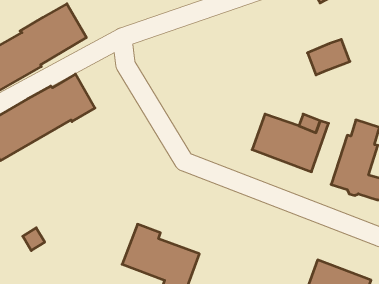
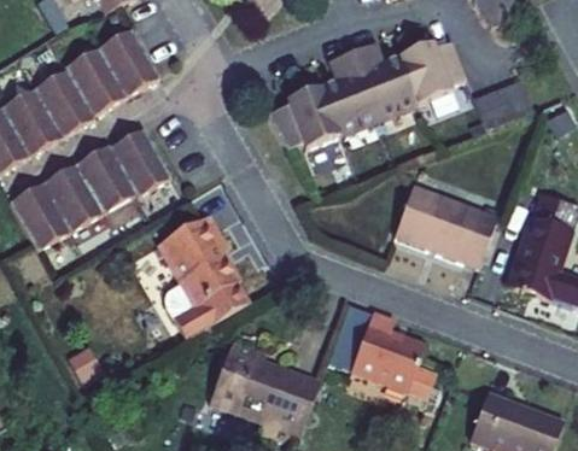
building: none -> [267,41,466,148]
building: none -> [158,215,249,339]
building: none -> [350,311,425,391]

